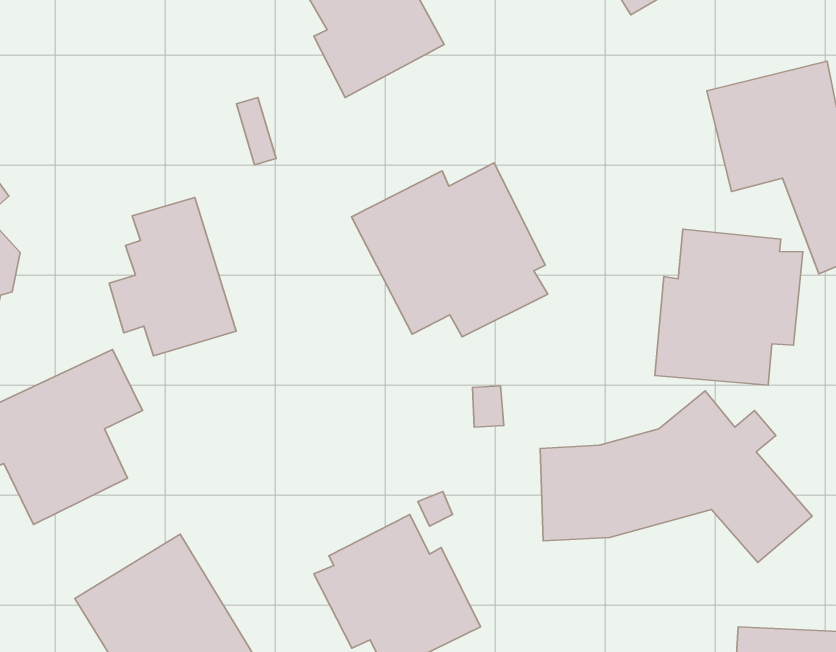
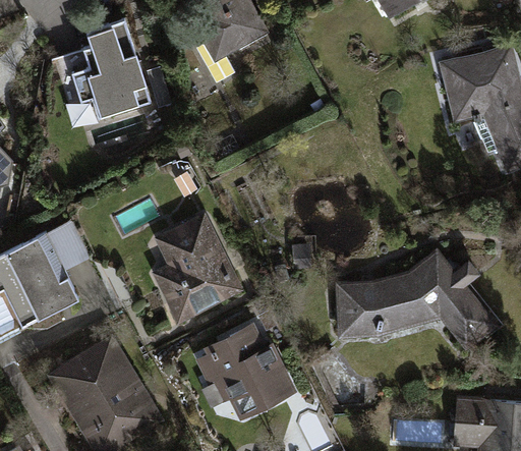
building: [351,163,548,337] -> none
building: [109,198,236,356] -> [71,20,150,118]
building: [655,229,803,385] -> none
building: none -> [152,214,243,325]

